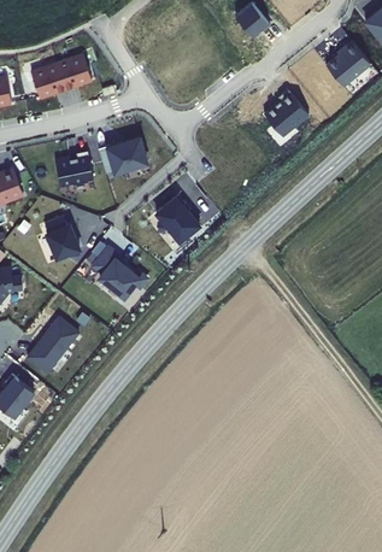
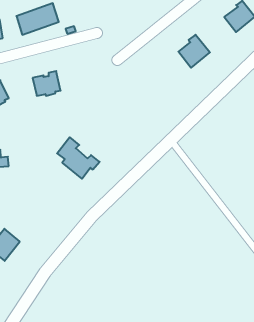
building: [108,141,148,175] -> none
building: [153,198,202,247] -> none
building: [43,213,81,259] -> none
building: [27,313,78,370] -> none

